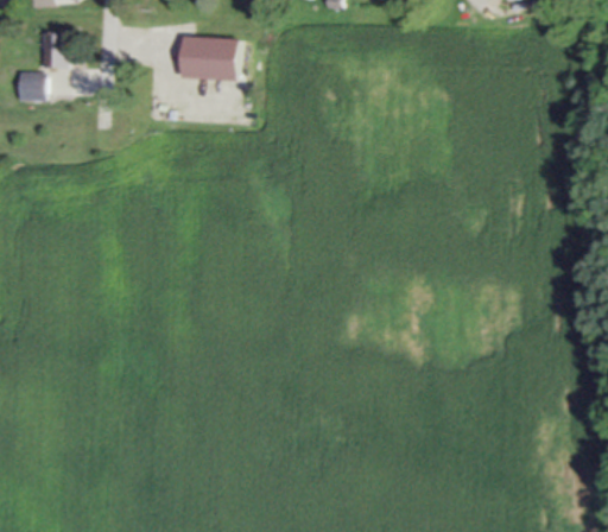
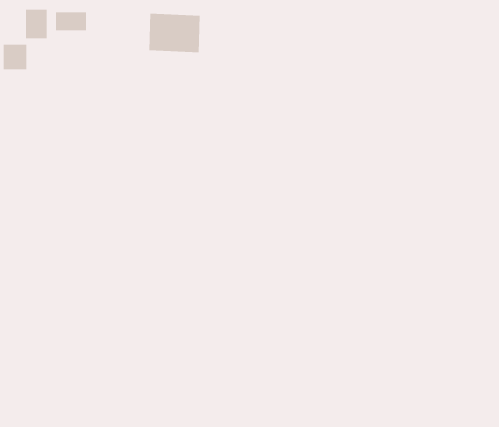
building: none -> [55,12,87,31]

